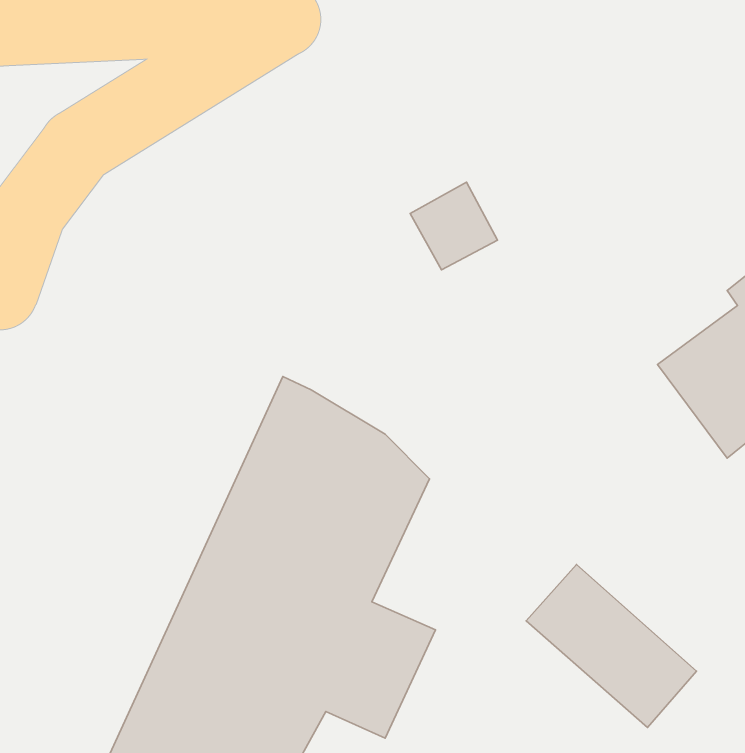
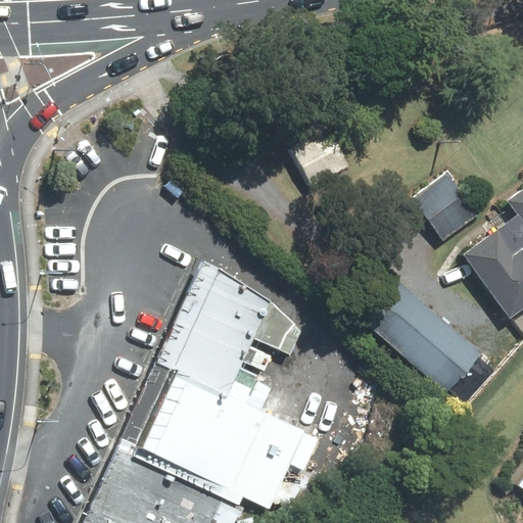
building: none -> [414,175,482,243]
building: [526,564,696,727] -> [365,282,482,394]

